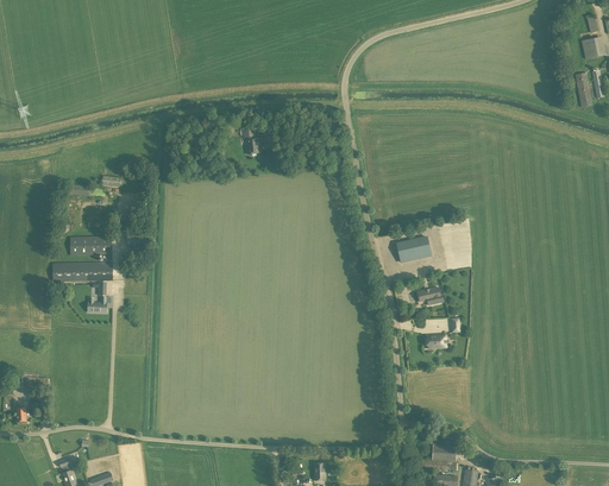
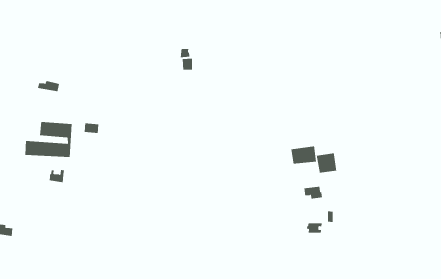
building: none -> [316,153,337,173]

